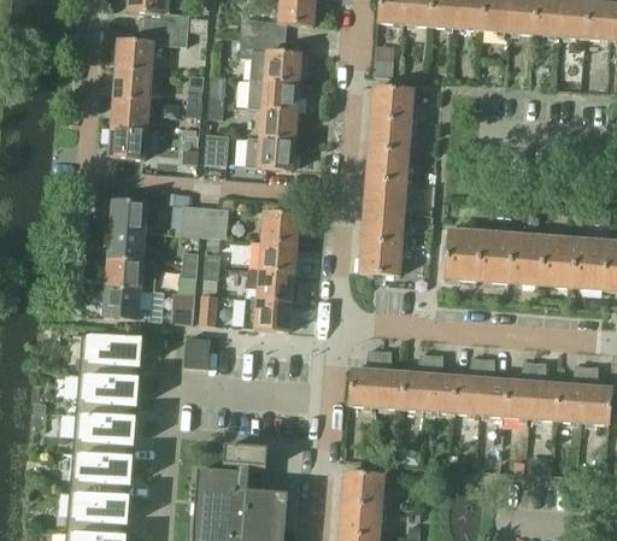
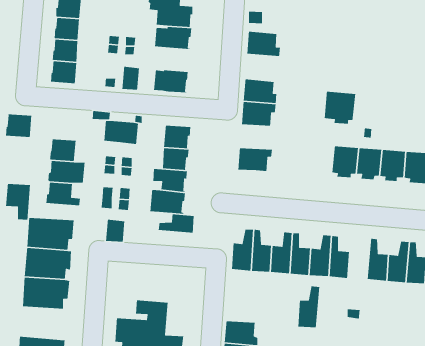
building: [260,108,296,140] -> none
building: [369,117,416,153] -> none
building: [111,199,147,231] -> [5,113,32,138]
building: [362,211,407,243] -> none
building: [445,235,488,280] -> [323,91,356,124]
building: none -> [5,183,31,220]
building: none -> [158,214,195,234]
building: [506,360,536,417] -> [297,285,320,328]
building: [69,453,133,496] -> none

